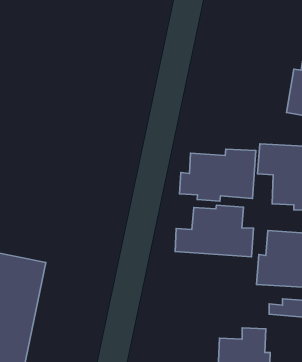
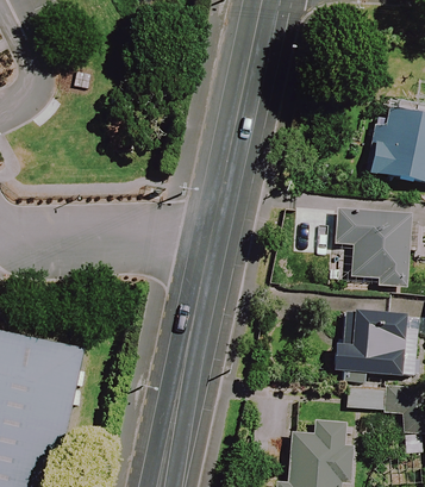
building: [179,149,256,201] -> none
building: [175,205,253,257] -> none

